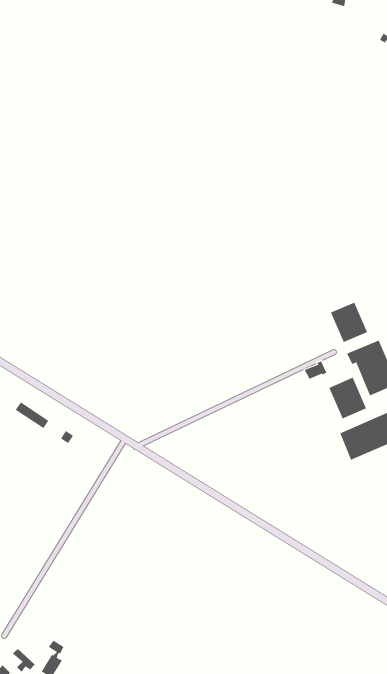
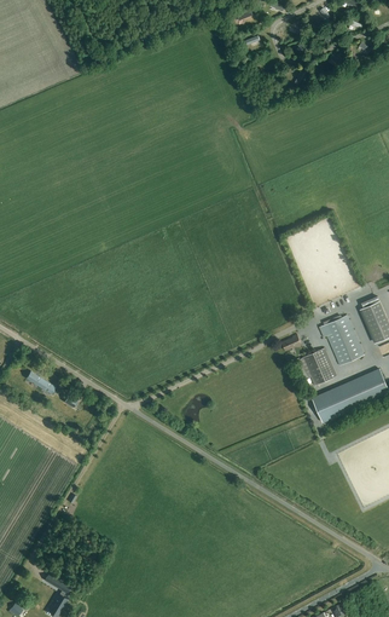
building: [330,302,368,343] -> none

